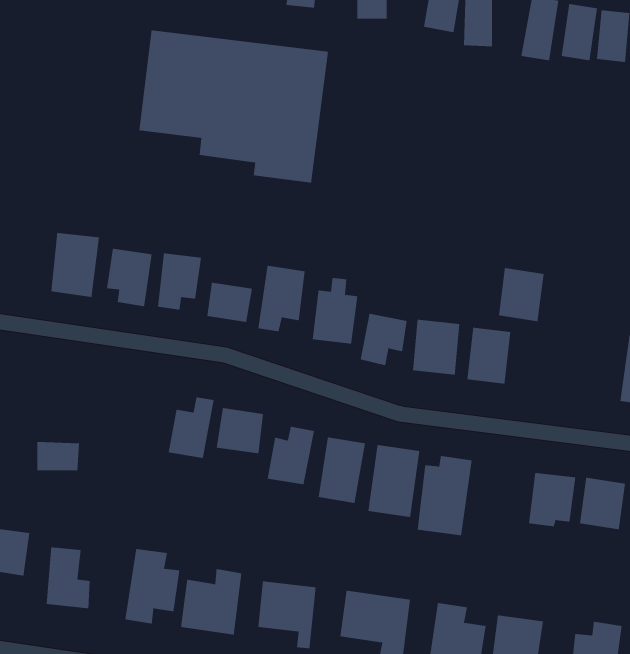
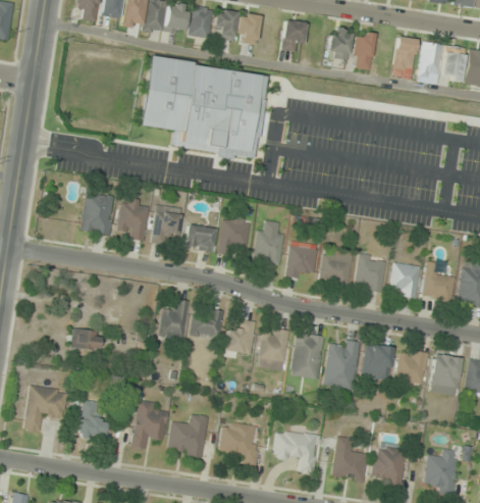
building: [498,268,544,322] -> [389,262,420,298]
building: none -> [422,272,456,301]
building: none -> [362,344,391,381]

